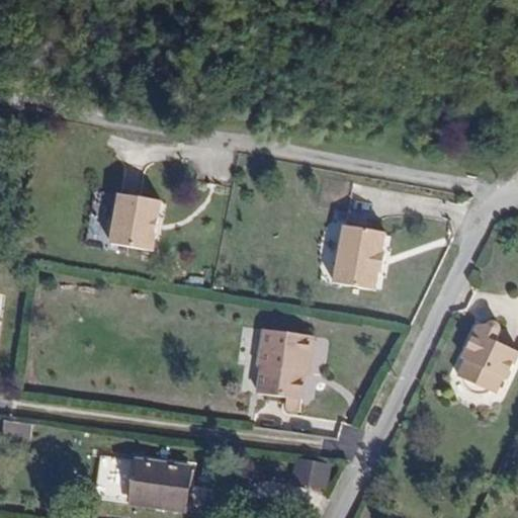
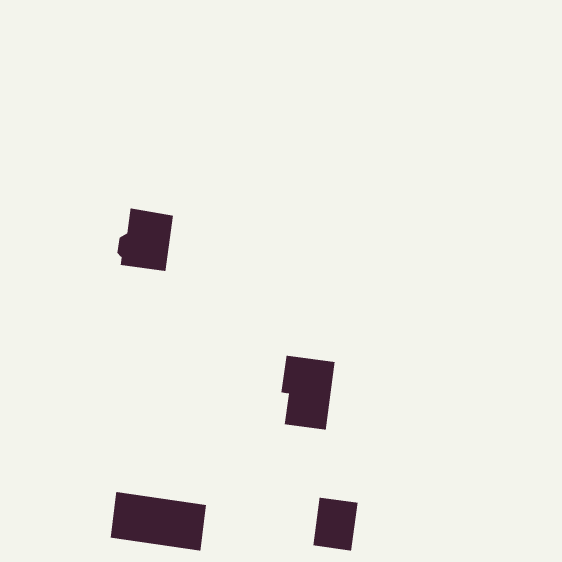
building: [333,227,383,290] -> none
building: [451,328,511,403] -> none

